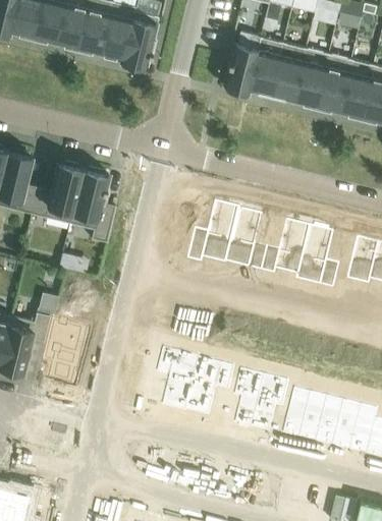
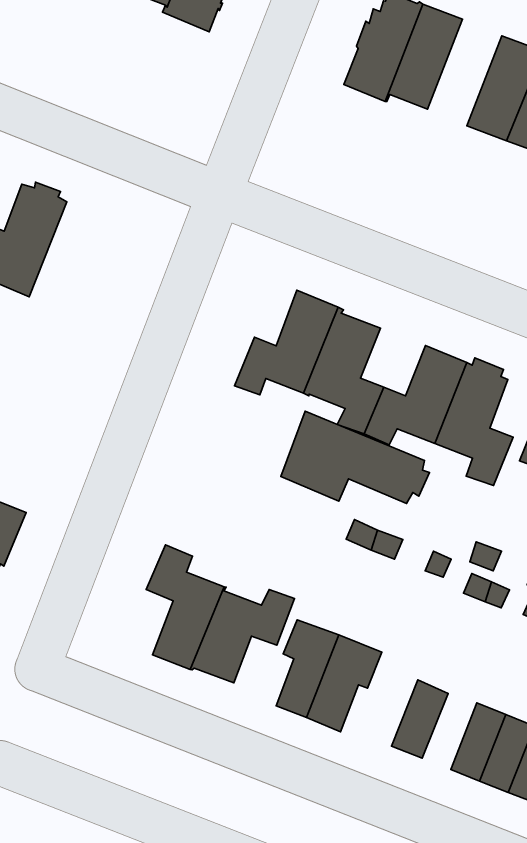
building: [271,43,306,100] -> none
building: [70,168,116,242] -> none
building: none -> [281,411,430,504]
building: [281,397,308,439] -> none
building: [316,406,341,447] -> none

